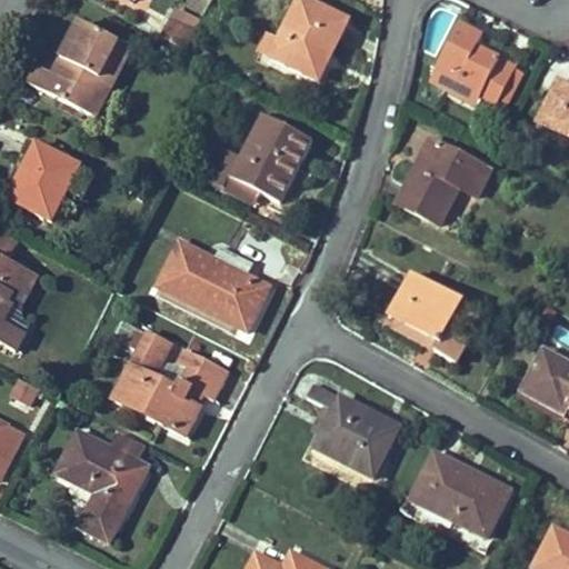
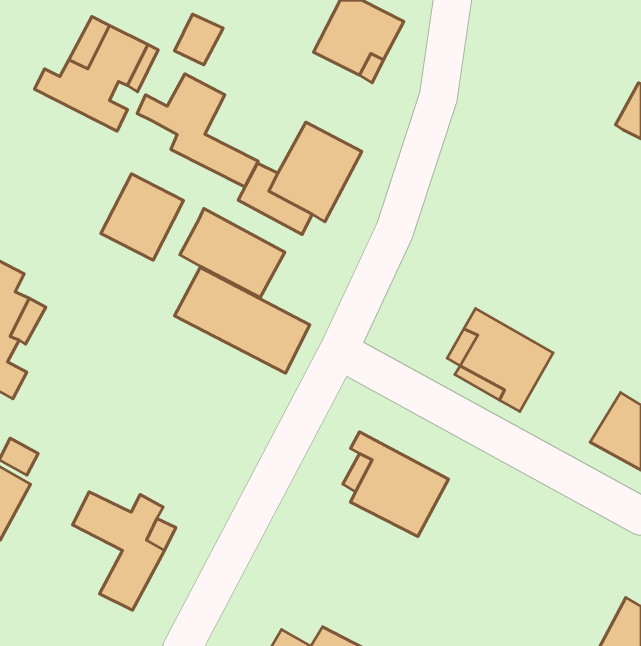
building: [432,21,516,108] -> none
building: none -> [137,74,258,187]
building: [397,137,492,226] -> none
building: [11,144,83,220] -> [101,174,184,260]
building: none -> [180,208,285,298]
building: [109,329,227,435] -> none
building: [401,445,501,531] -> none

